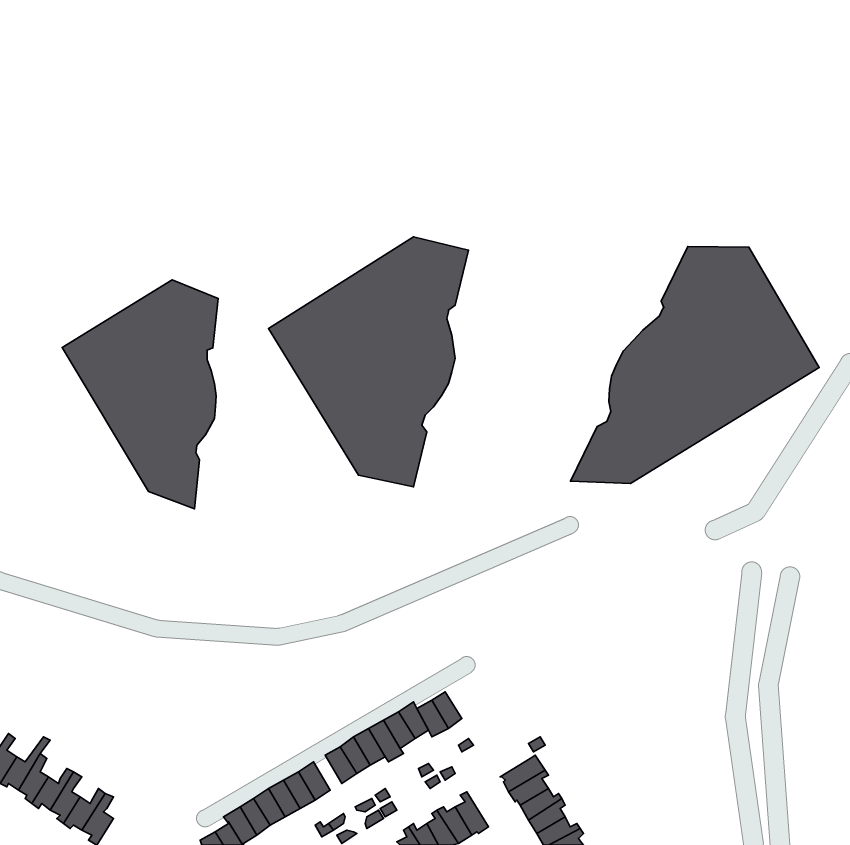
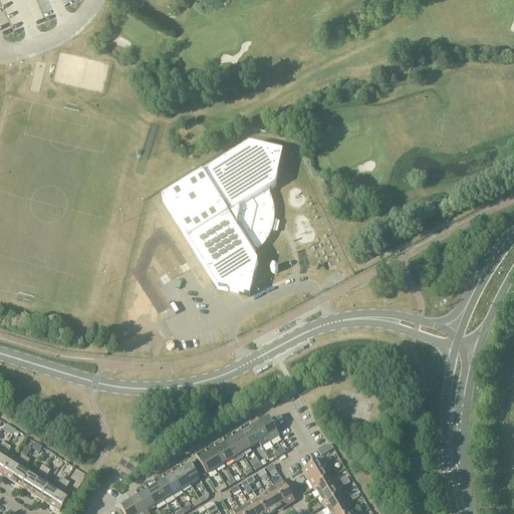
building: [571,247,819,483] -> none
building: [62,280,218,509] -> none

